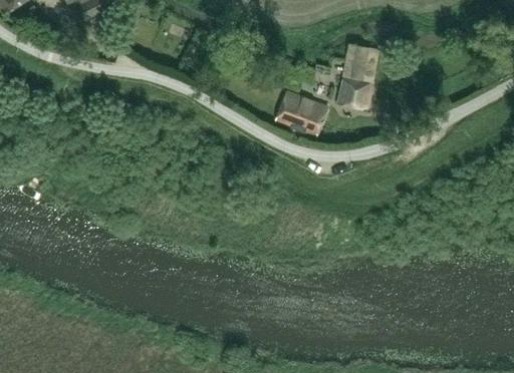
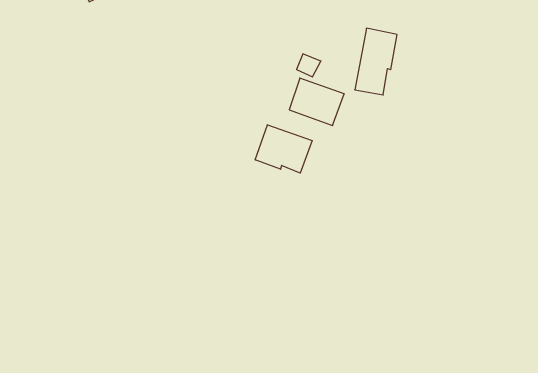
building: none -> [255,125,312,173]

